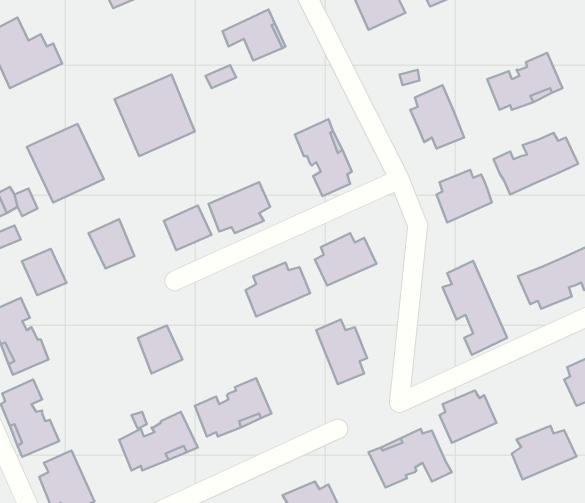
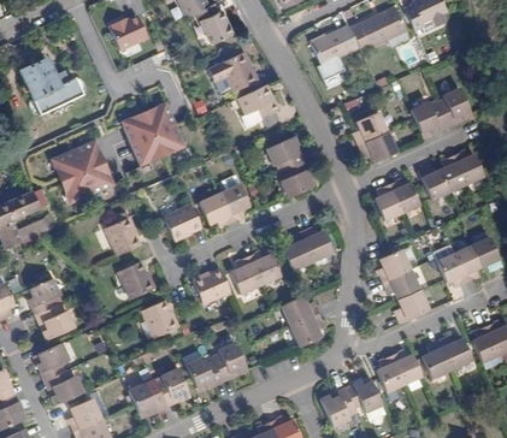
building: none -> [238,85,279,125]
building: [22,249,66,295] -> [118,260,153,296]
building: none -> [189,267,226,302]
building: [512,426,577,480] -> [424,335,474,377]

